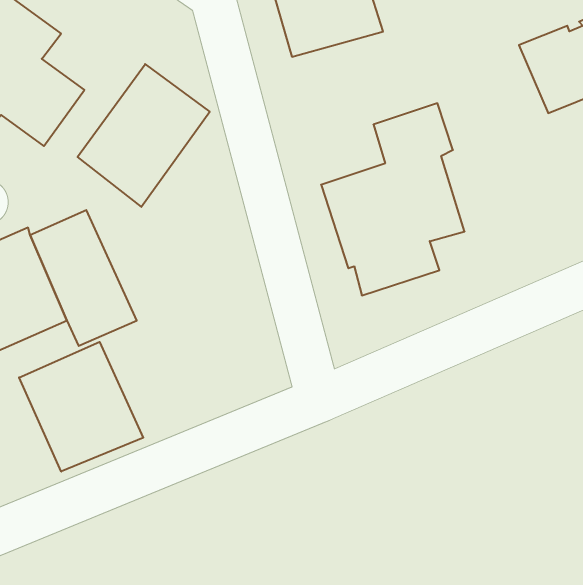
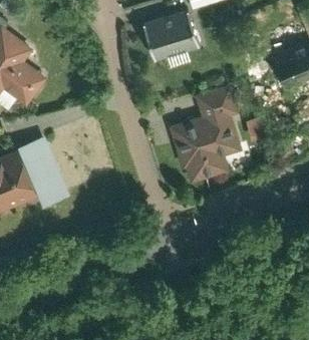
building: [78,64,210,207] -> none
building: [19,342,143,472] -> none

